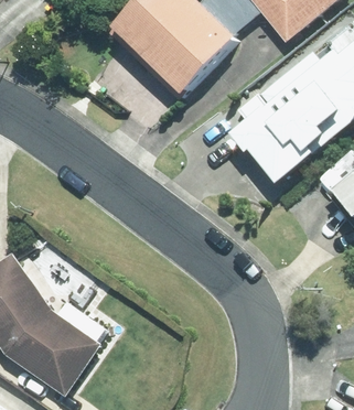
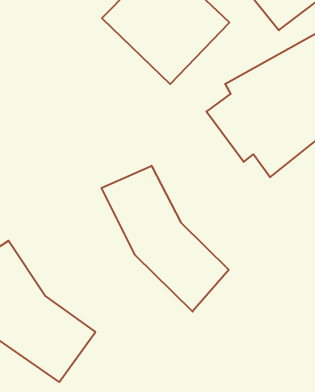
building: none -> [102,166,229,312]

